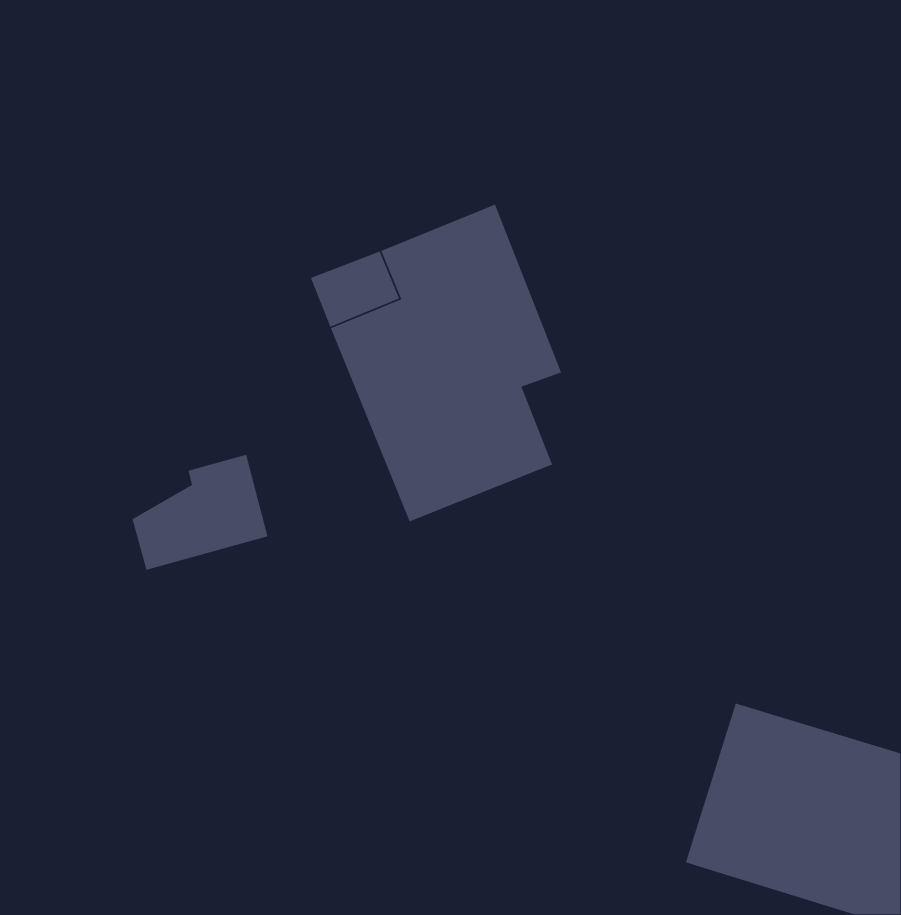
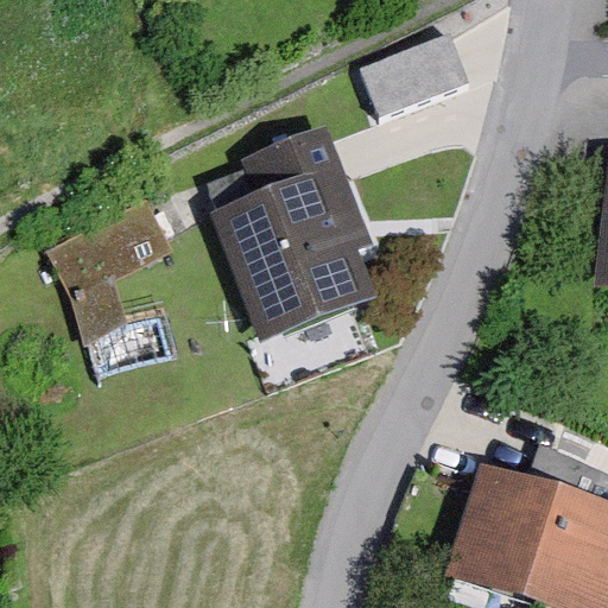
building: none -> [357,36,469,122]
building: none -> [50,200,170,342]

